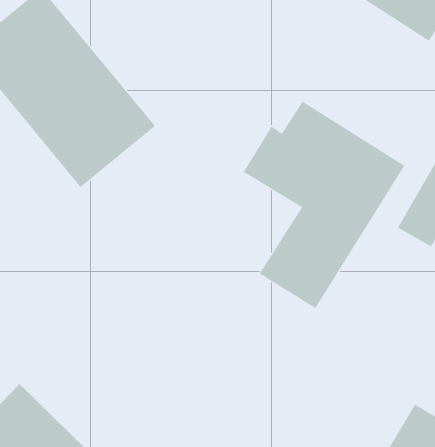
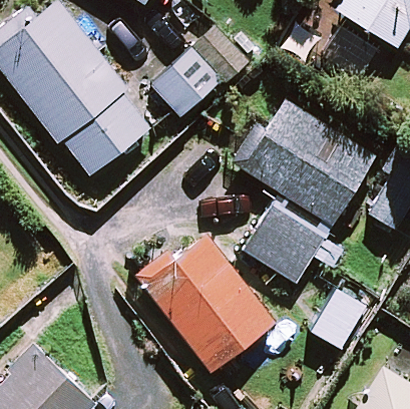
building: none -> [151,25,247,116]
building: none -> [139,231,274,371]

